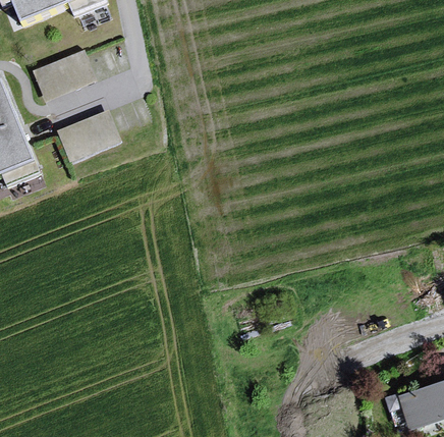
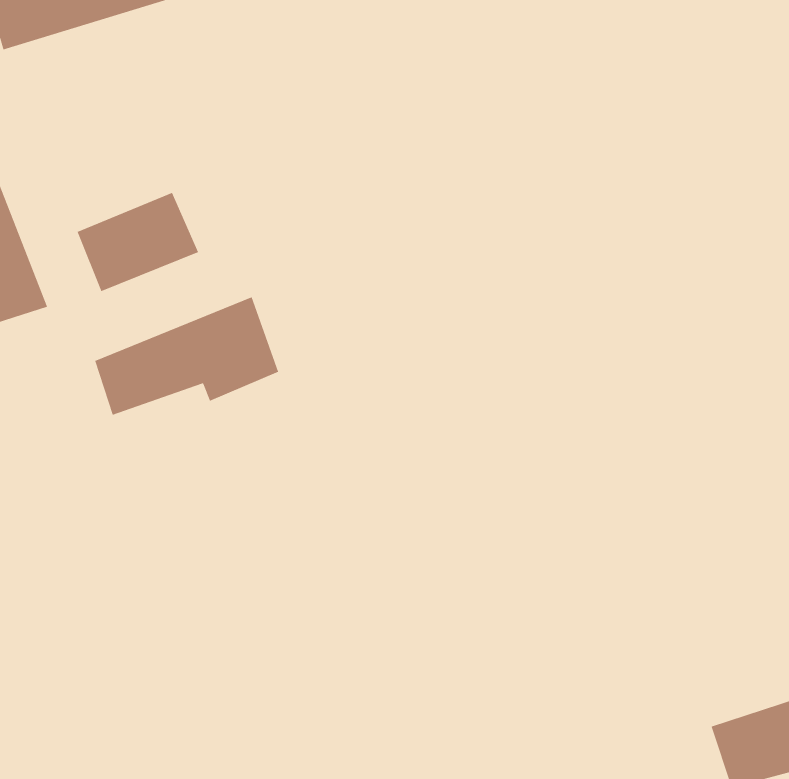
building: [32,49,98,102] -> none
building: none -> [94,296,279,416]

